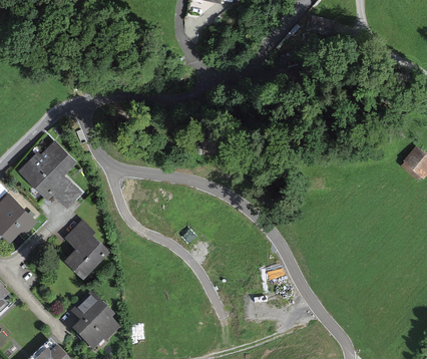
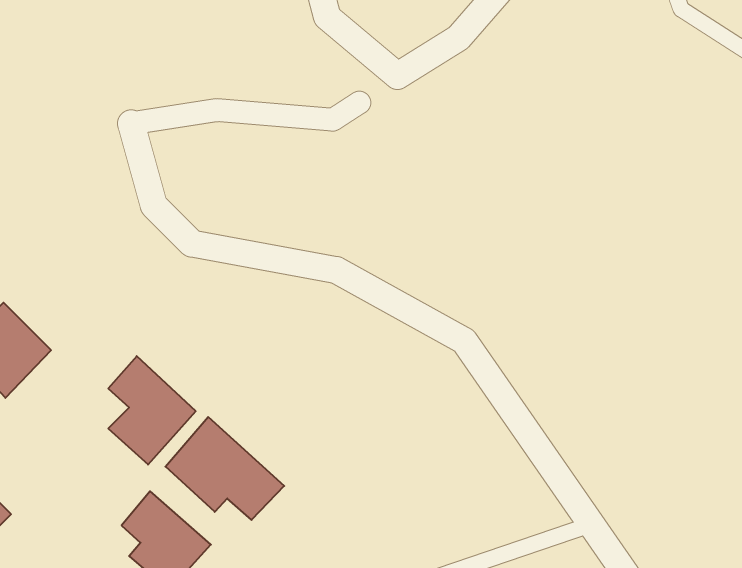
building: [24,142,80,211] -> none
building: none -> [165,417,284,520]

